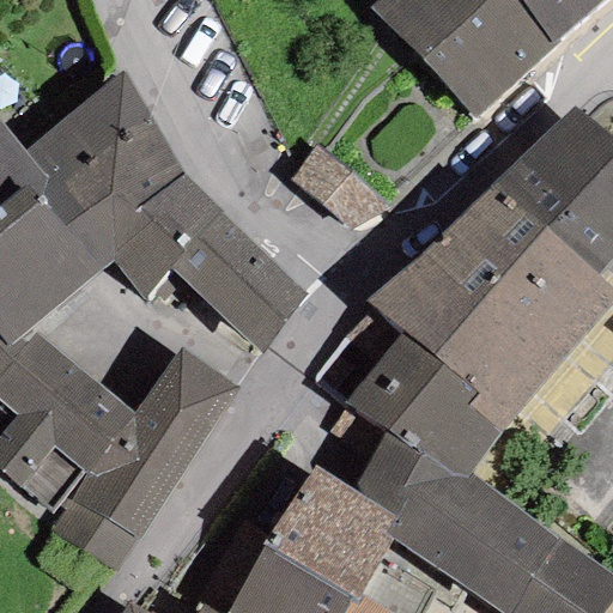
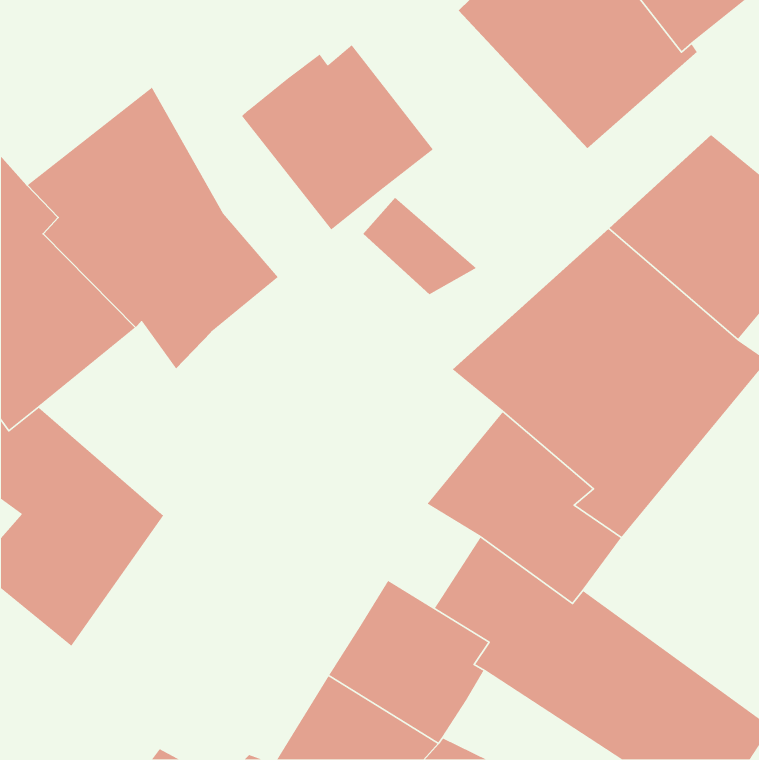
building: none -> [241,44,434,231]
building: [172,223,308,354] -> none
building: [53,350,239,570] -> none

